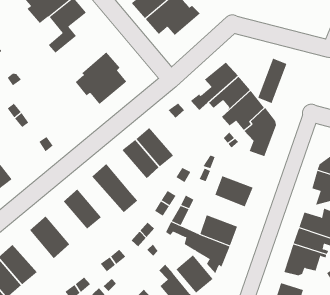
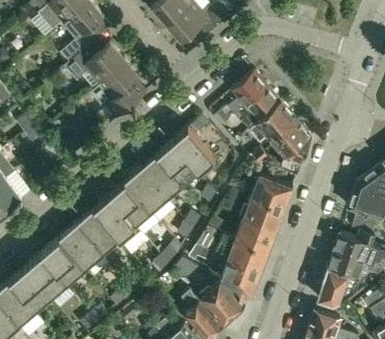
building: none -> [57,43,125,88]
building: [258,58,287,104] -> none
building: none -> [171,128,219,179]
building: none -> [125,167,168,213]
building: none -> [250,174,293,208]
building: none -> [93,196,149,256]
building: none -> [233,216,276,251]
building: none -> [59,223,103,270]
building: none -> [22,255,67,300]

